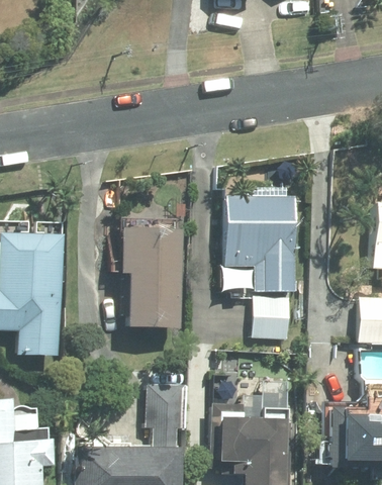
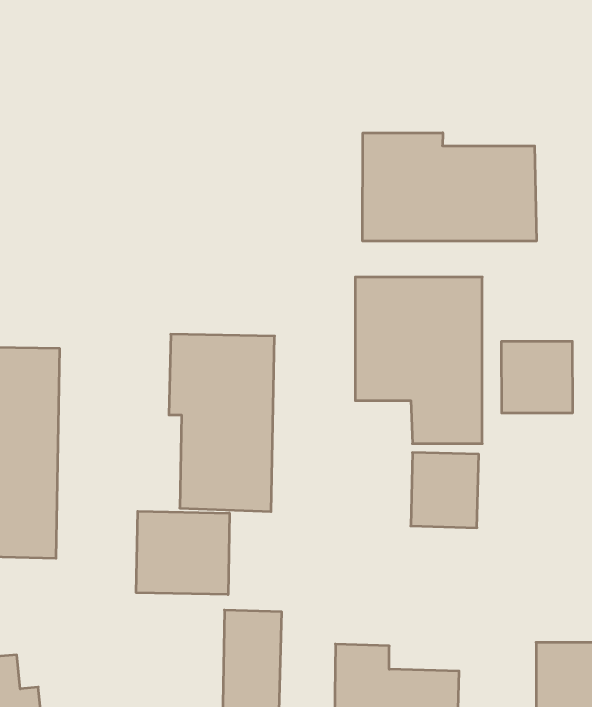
building: none -> [363,133,536,241]
building: none -> [502,341,572,413]
building: none -> [136,511,229,595]

